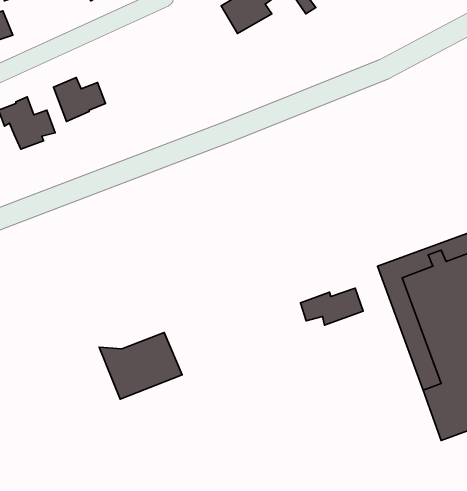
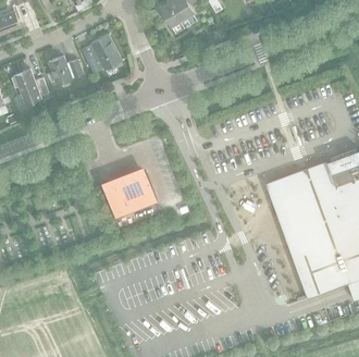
building: none -> [86,34,121,72]
building: [300,288,363,325] -> none
building: [99,333,182,399] -> [100,172,156,217]

